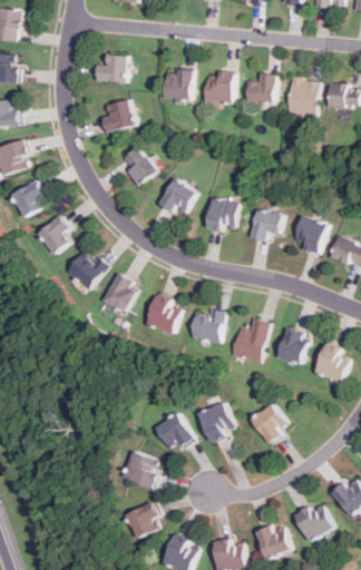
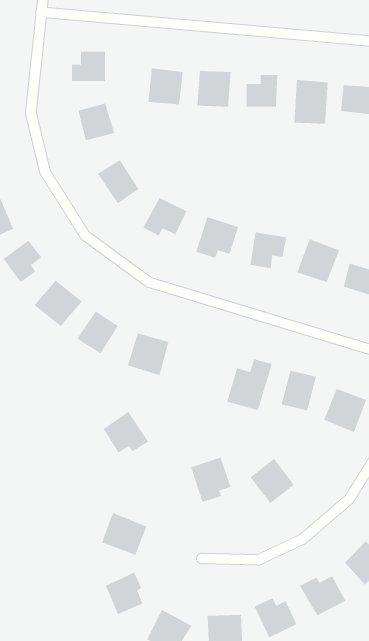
building: [189,309,223,344] -> none
building: [154,413,194,450] -> [103,411,149,453]

